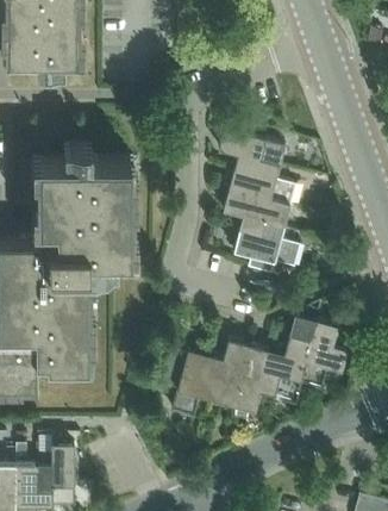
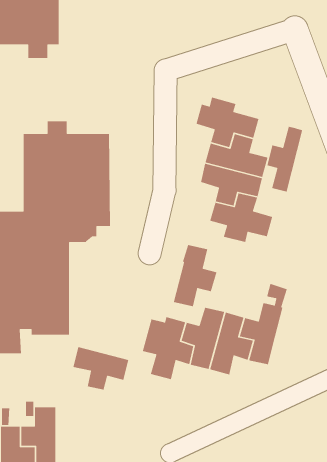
building: none -> [266,126,303,193]
building: [300,323,346,388] -> [173,244,217,307]
building: none -> [73,346,129,391]

